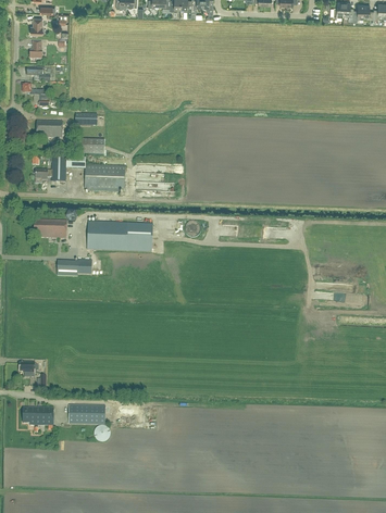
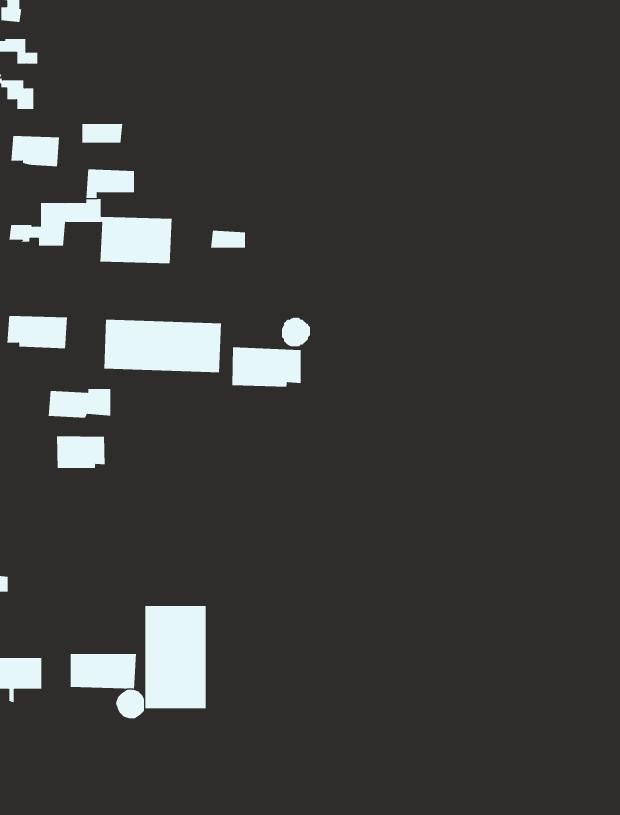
building: none -> [232,347,301,388]
building: none -> [56,436,105,469]
building: none -> [145,605,206,709]

